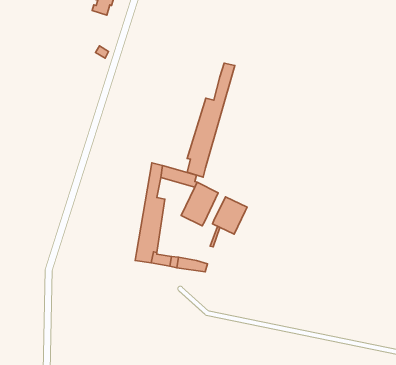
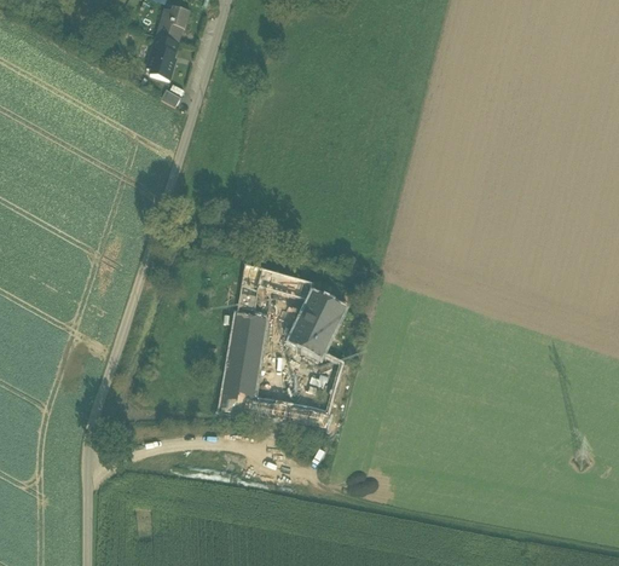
building: none -> [146,33,178,77]
building: [187,63,235,177] -> none
building: [212,197,247,234] -> none

